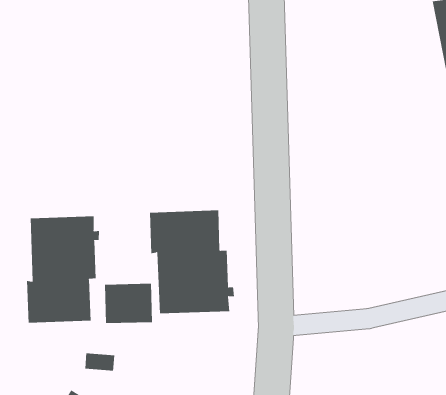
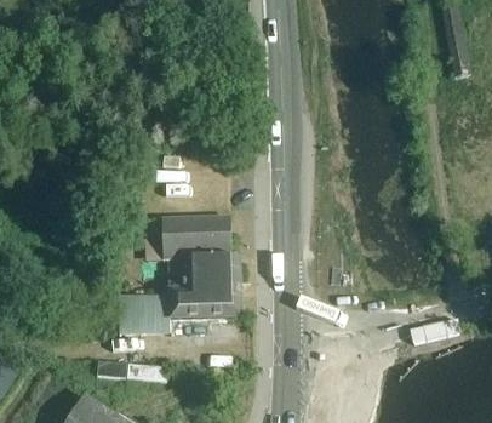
building: [27,215,100,323] -> none

